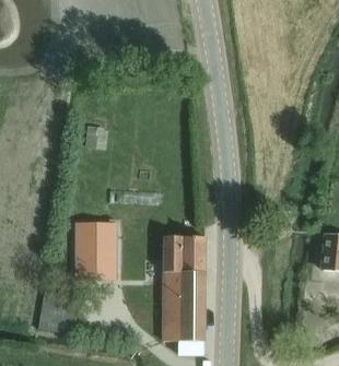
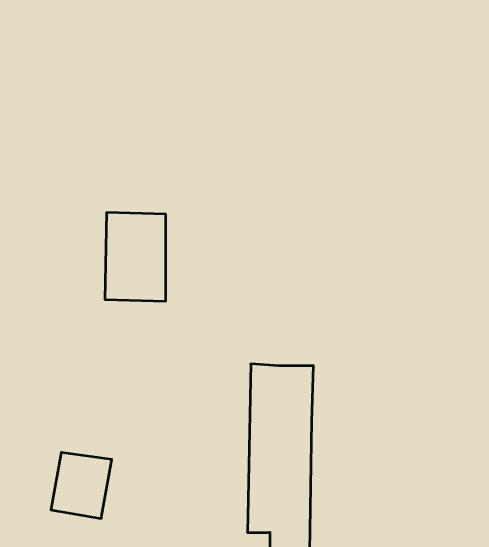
building: [75,224,114,280] -> [105,213,166,301]

